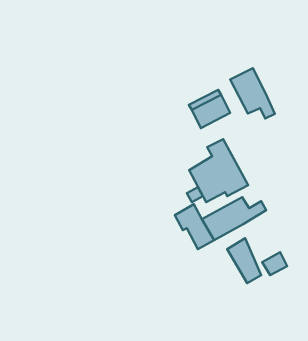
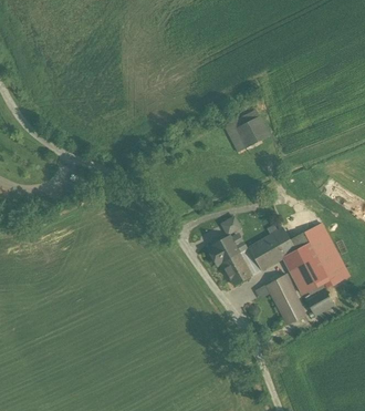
building: [230,68,275,119] -> none
building: [189,139,248,202] -> [283,224,348,294]

